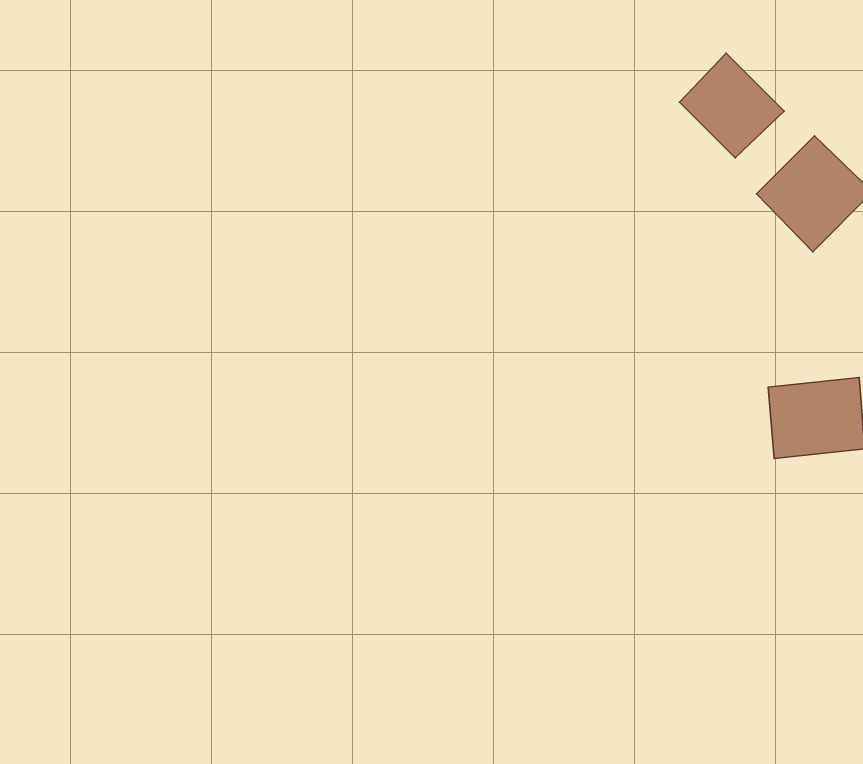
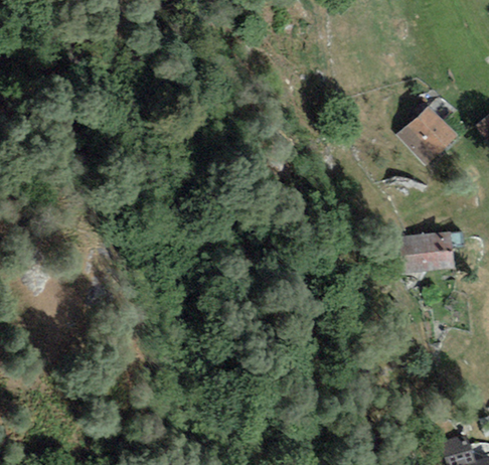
building: [679,53,784,158] -> none

